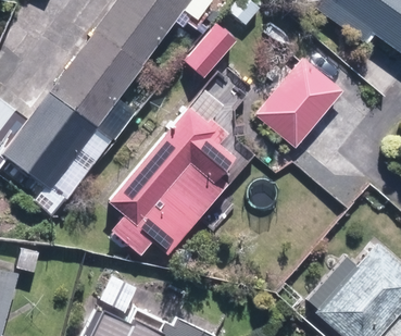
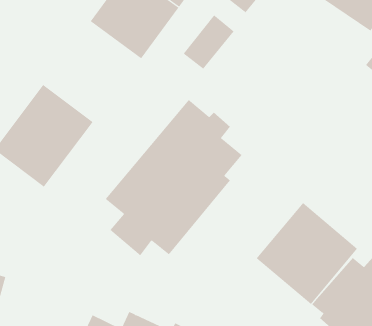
building: [52,32,146,127] -> none
building: [254,58,342,148] -> none
building: none -> [256,202,358,305]

